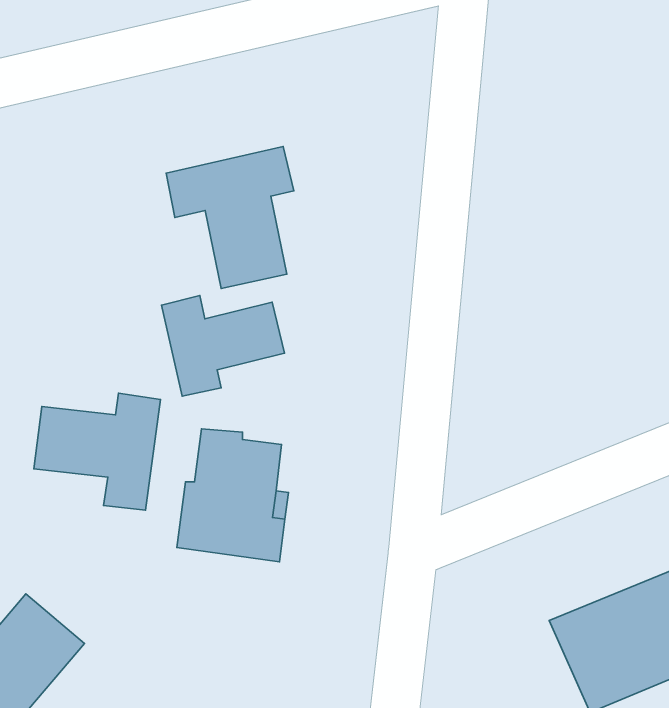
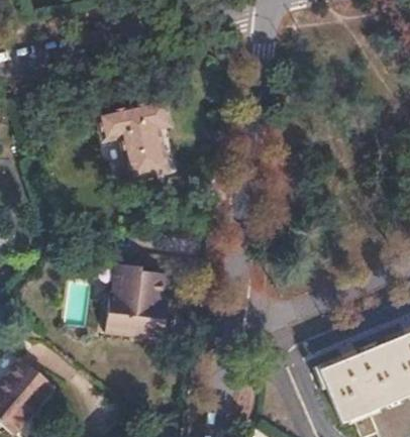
building: [162,295,284,396] -> none
building: [34,393,160,510] -> none

